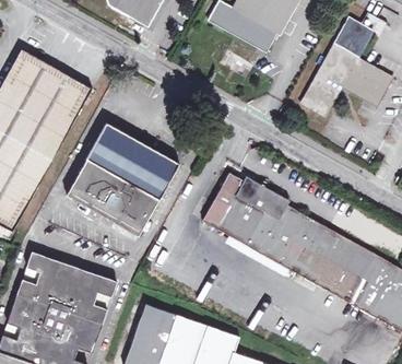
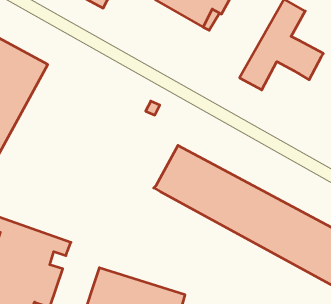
building: [68,124,177,235] -> none

